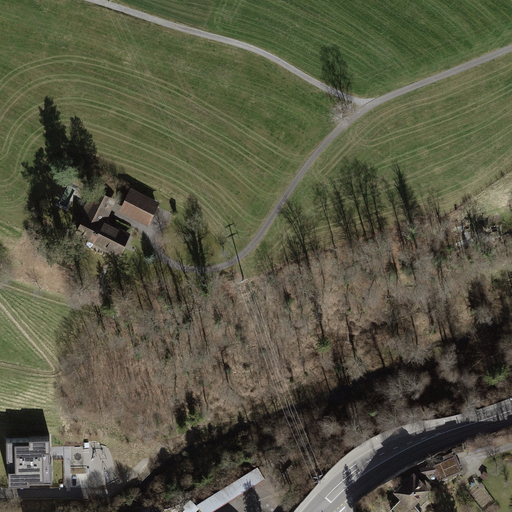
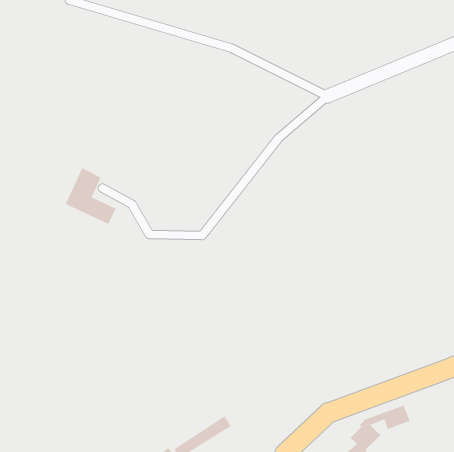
building: [120,192,157,224] -> none
building: [6,444,51,490] -> none

